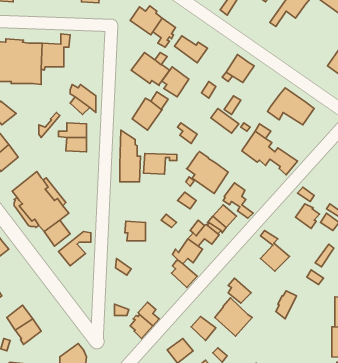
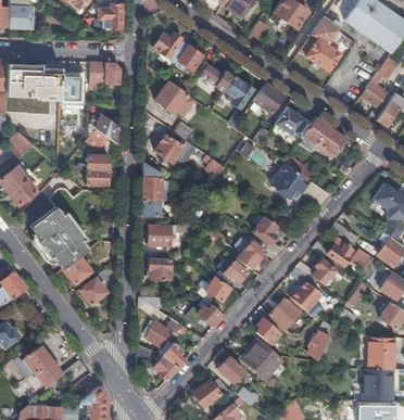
building: none -> [306,38,341,72]
building: none -> [90,63,121,90]
building: [162,67,189,97] -> [225,77,253,109]
building: none -> [276,107,312,138]
building: [187,151,228,193] -> none
building: [144,153,177,174] -> [149,225,184,246]
building: none -> [295,256,348,284]
building: none -> [270,298,300,329]
building: none -> [146,318,182,354]

